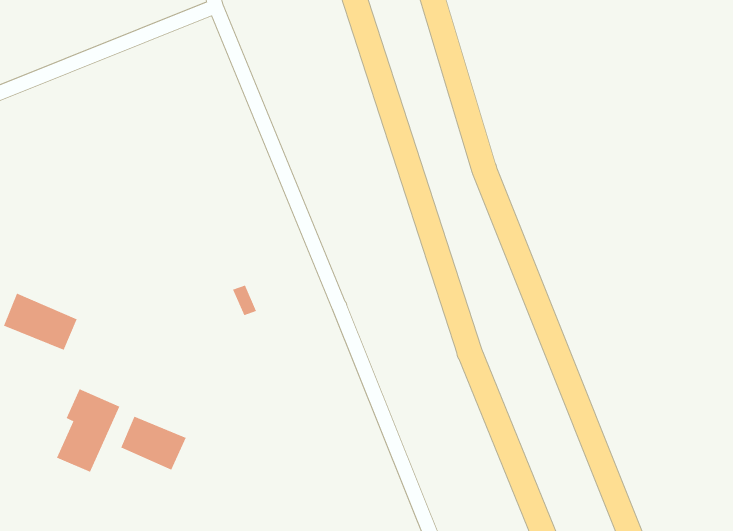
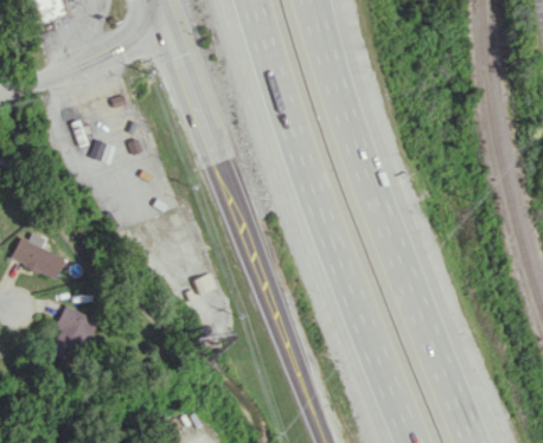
building: [120,416,187,471] -> none

